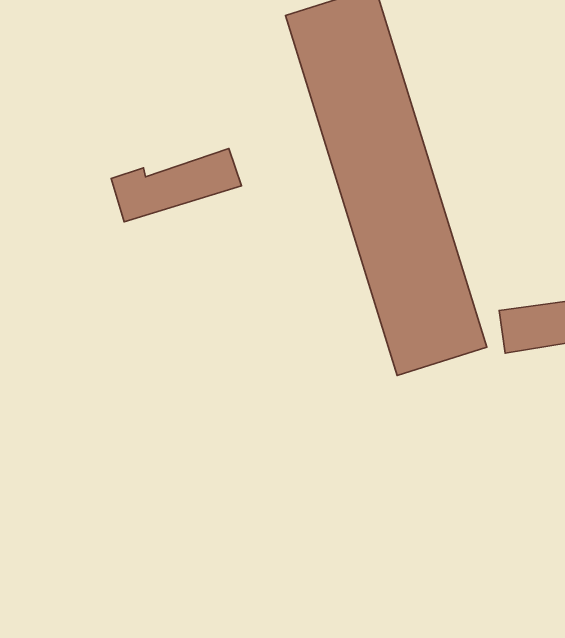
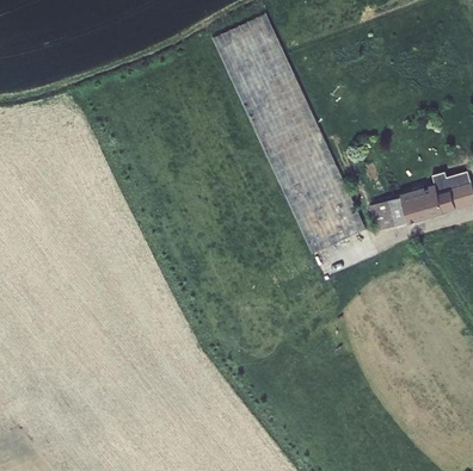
building: [111,148,241,222] -> none

